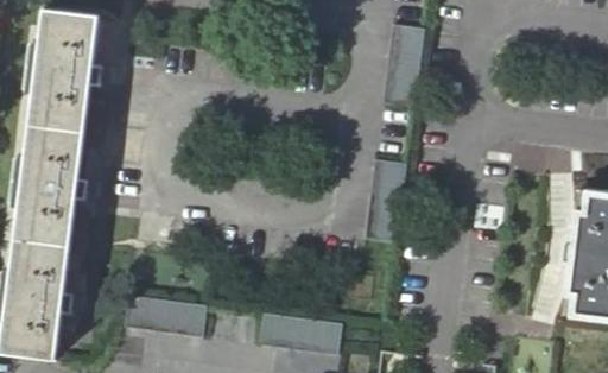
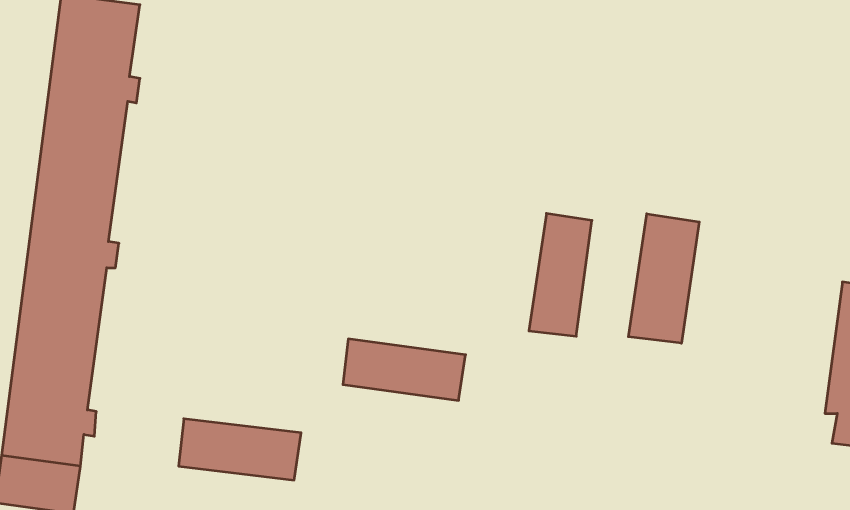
building: [382,24,425,107] -> none
building: none -> [628,214,699,343]
building: [256,312,340,354] -> [343,339,466,400]

